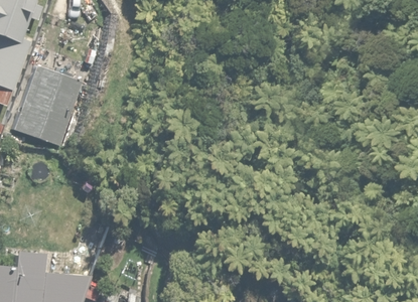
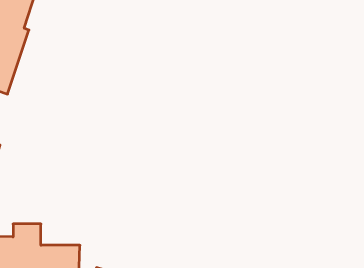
building: [13,65,83,147] -> none

